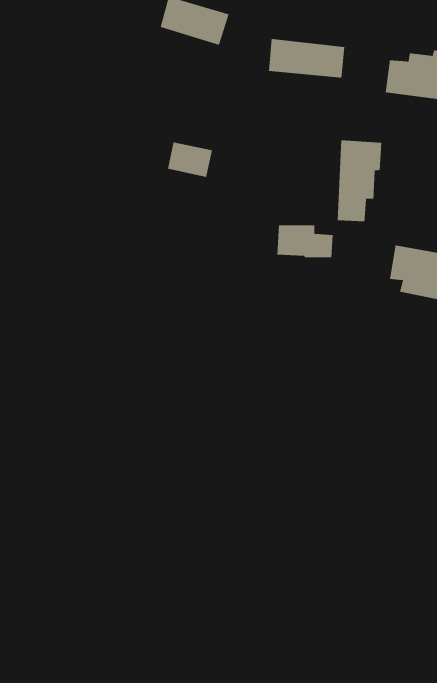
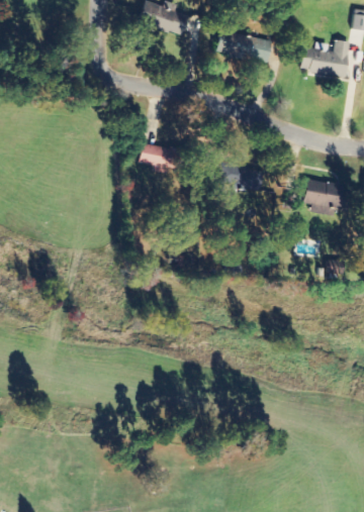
building: [337,140,382,222] -> none
building: [167,142,213,177] -> [139,143,171,169]

